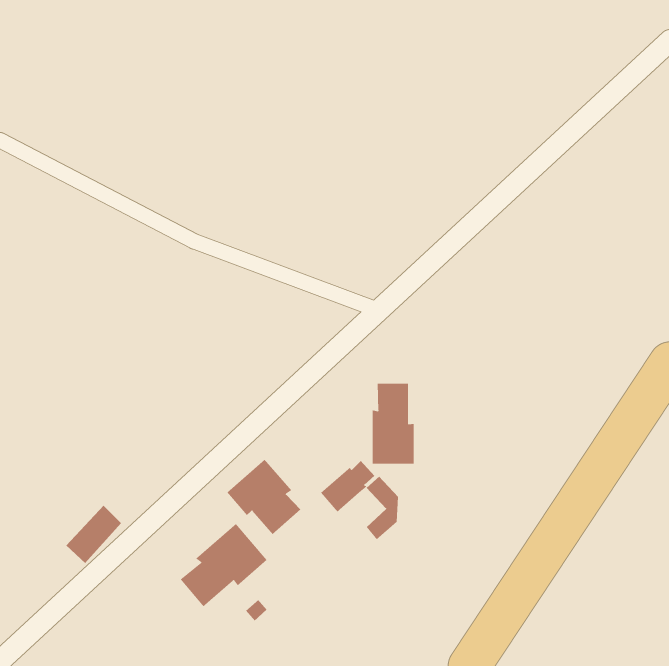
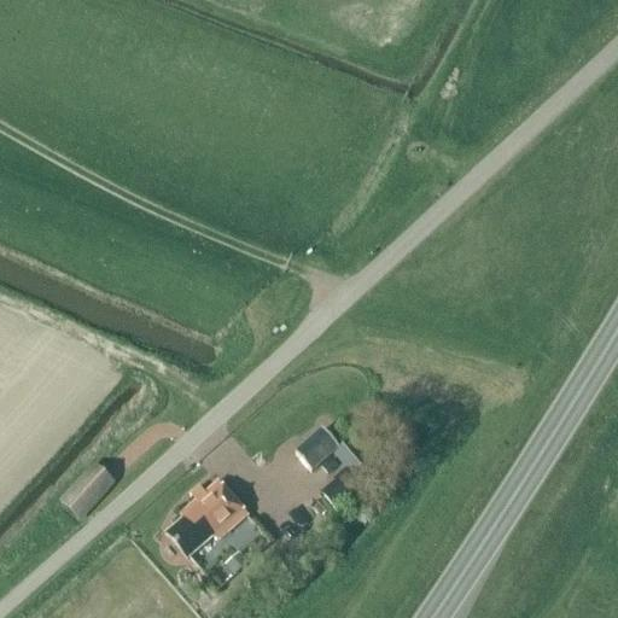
building: [372,383,414,465] -> none
building: [226,459,301,535] -> none

